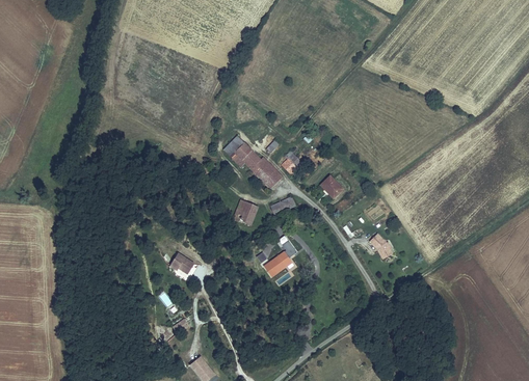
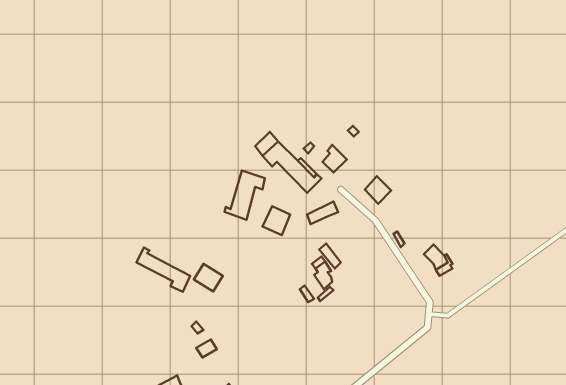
building: none -> [224,170,265,220]
building: none -> [136,248,190,292]

